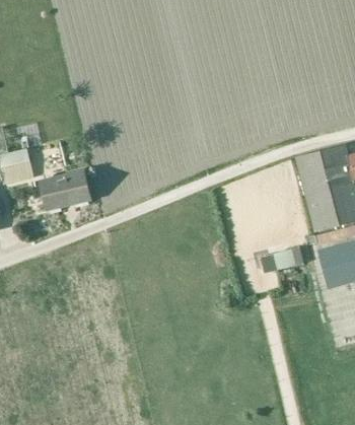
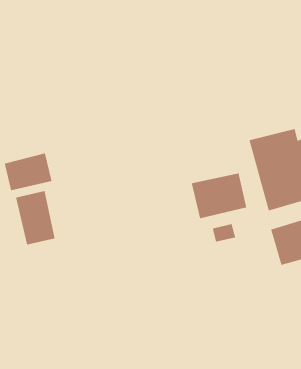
building: none -> [191,173,247,219]
building: none -> [15,190,56,245]

